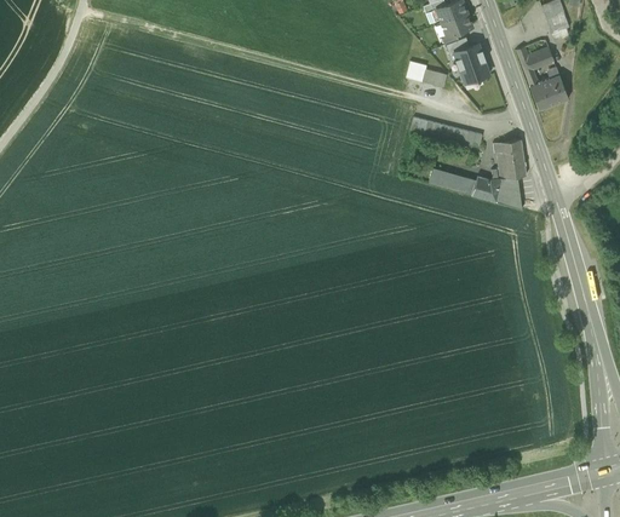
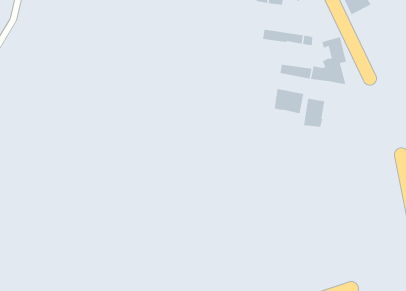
building: none -> [274,88,304,114]
building: none -> [303,98,325,128]

